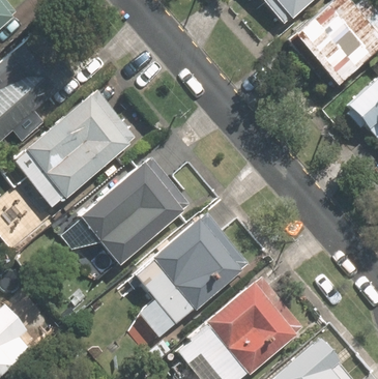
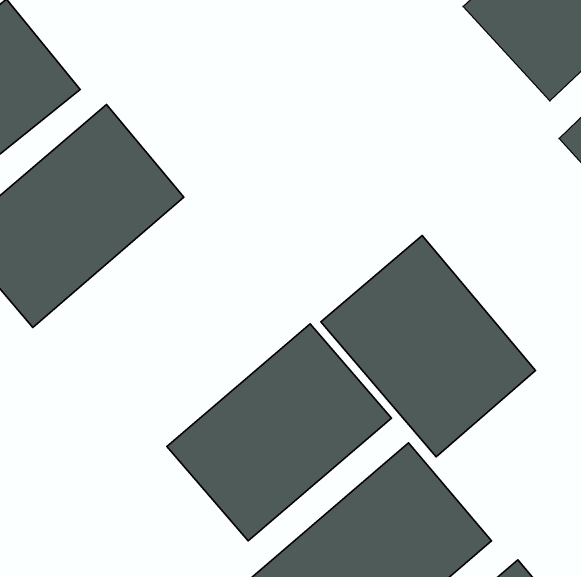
building: [67,154,194,269] -> none
building: none -> [321,236,536,457]

